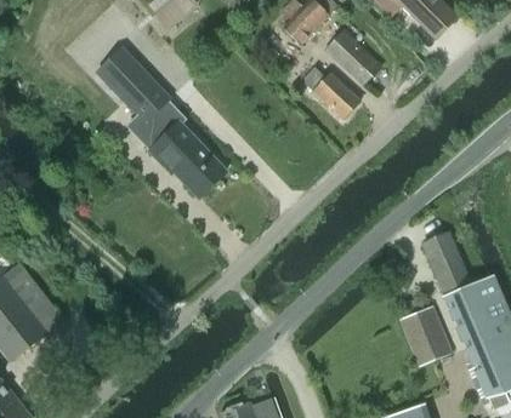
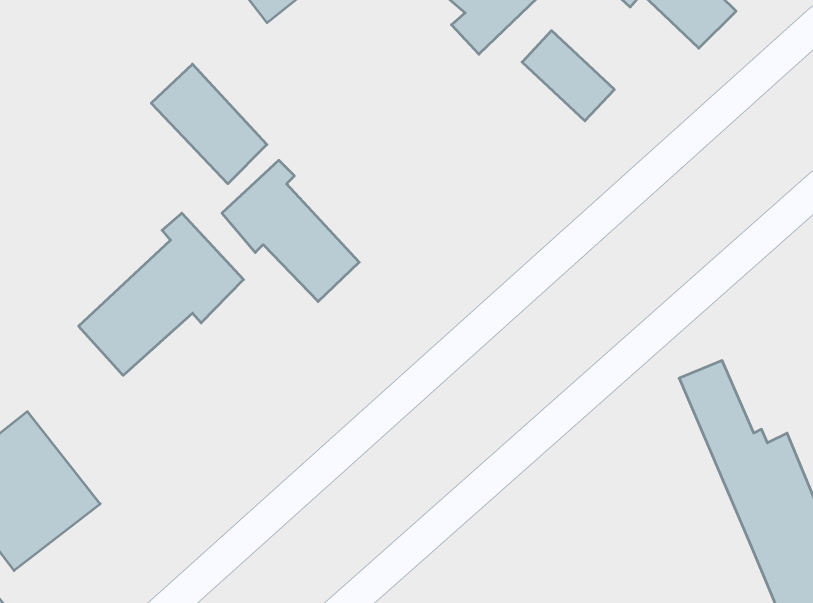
building: [302,64,359,116] -> none
building: none -> [79,213,244,375]
building: [401,307,450,365] -> none

